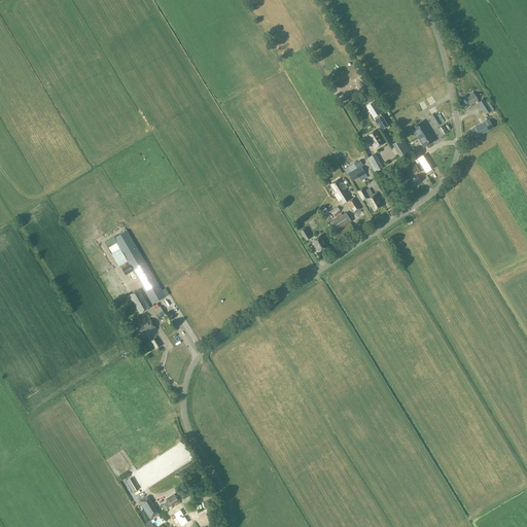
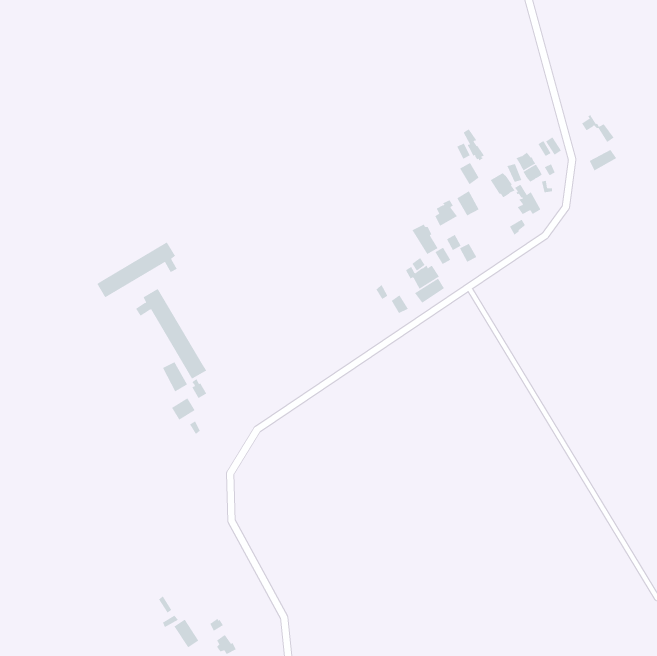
building: none -> [96,241,178,298]

